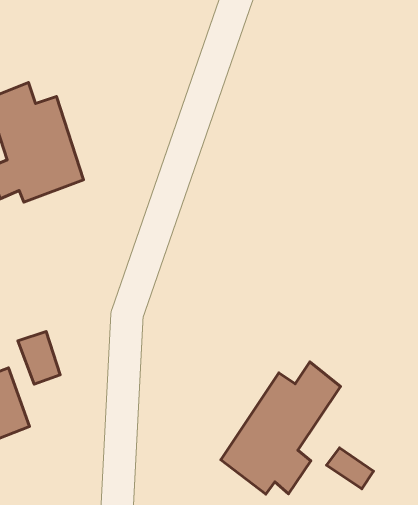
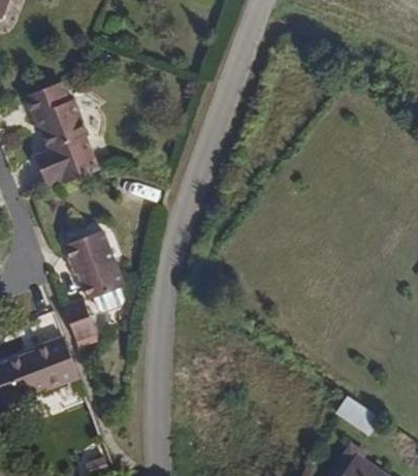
building: none -> [64,225,127,299]
building: [221,362,340,494] -> none

